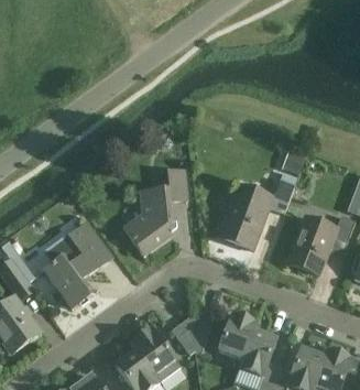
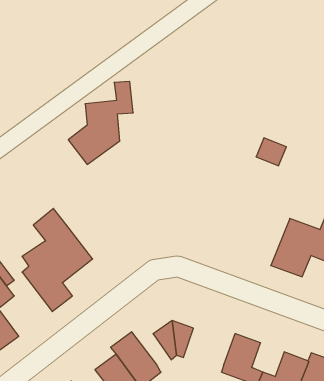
building: [122,171,186,252] -> [68,81,133,164]
building: [217,181,294,251] -> none
building: [218,313,257,360] -> none

